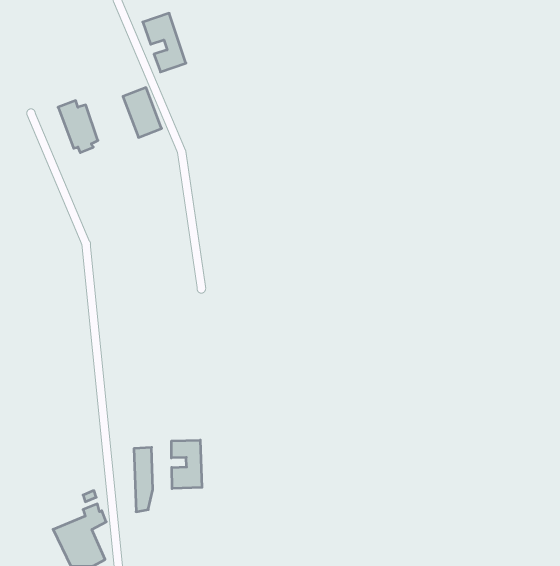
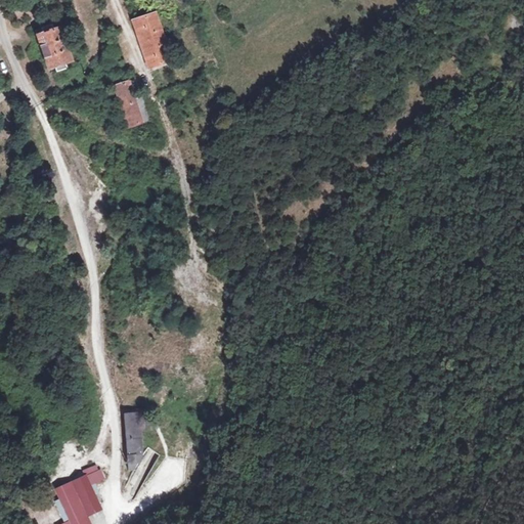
building: [58,101,98,153] -> [34,23,71,71]
building: [171,440,202,489] -> none

